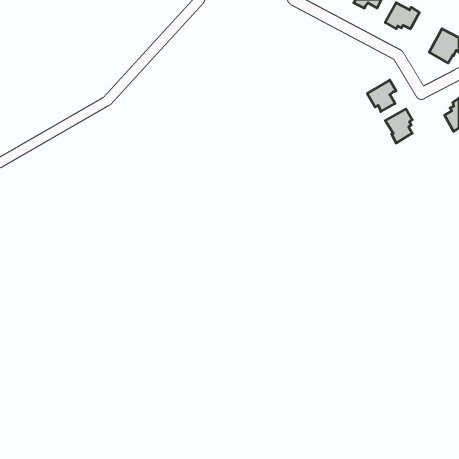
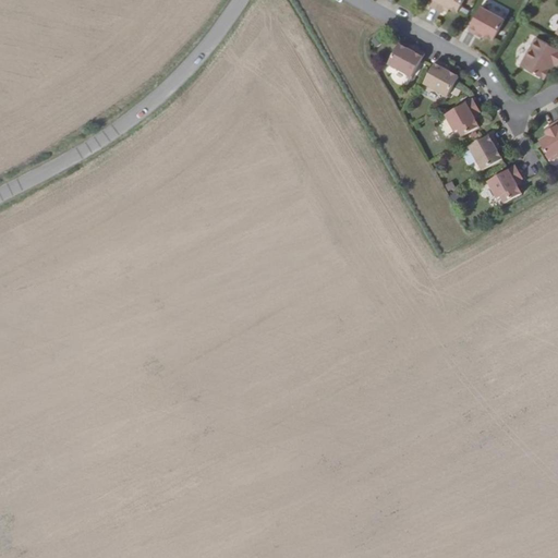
building: none -> [383,45,424,76]
building: none -> [423,59,459,100]
building: none -> [487,165,521,202]

